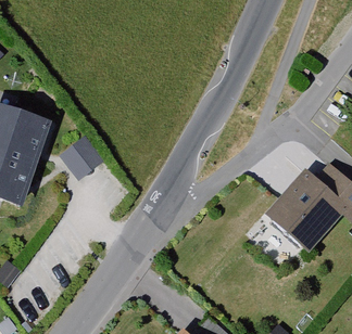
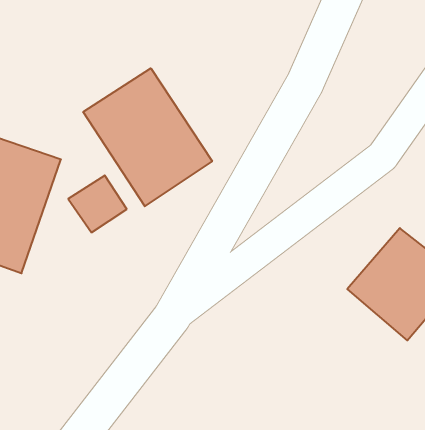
building: none -> [83,68,212,206]

